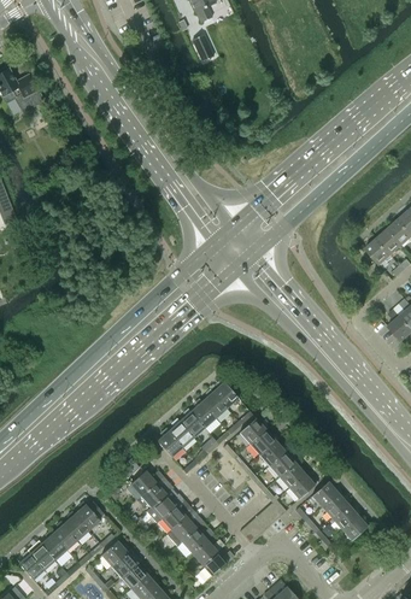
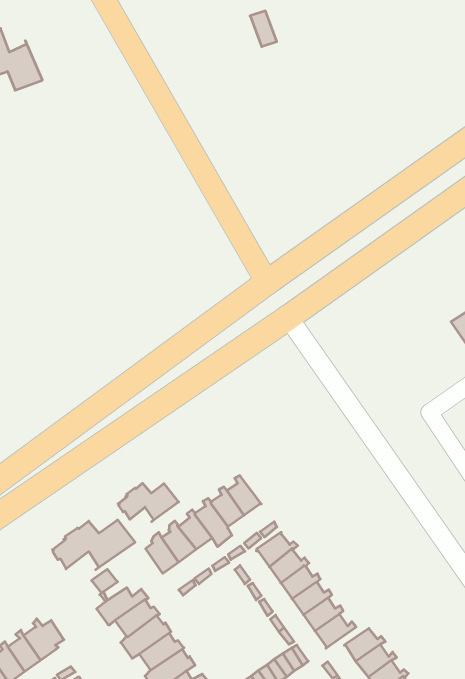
building: none -> [118,483,179,522]
building: none -> [52,520,135,570]

